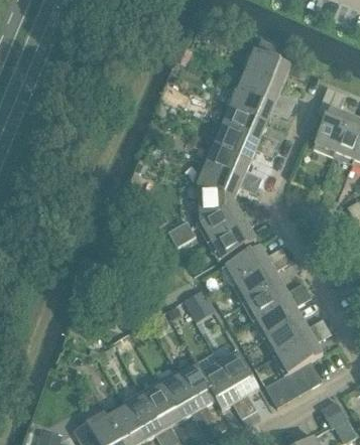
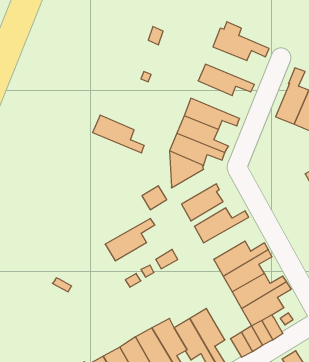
building: [237,67,293,109] -> none
building: [221,105,277,146] -> [93,115,144,153]
building: [200,201,249,240] -> none
building: [235,254,289,300] -> [105,218,155,261]

